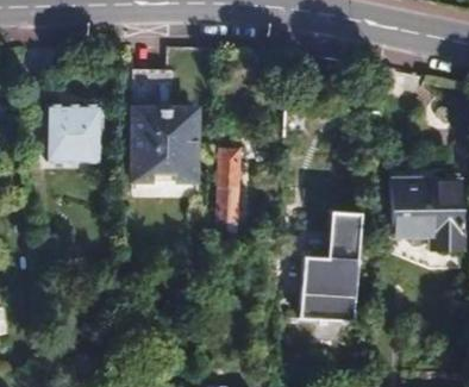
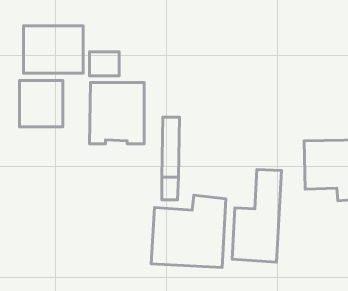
building: none -> [23,26,83,73]
building: none -> [151,195,226,267]

